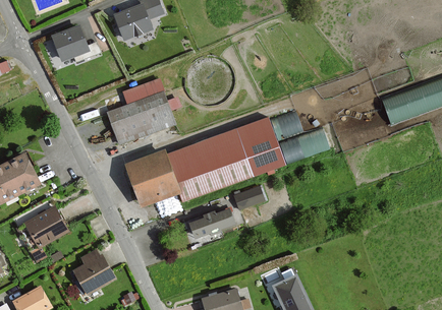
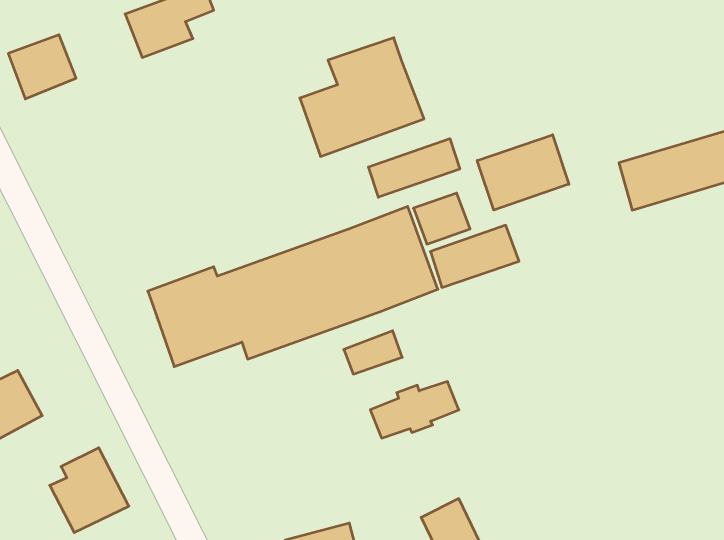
building: [107,80,174,144] -> [300,38,424,156]
building: none -> [477,135,569,210]
building: none -> [368,139,460,197]
building: [187,208,235,239] -> [370,382,459,438]

